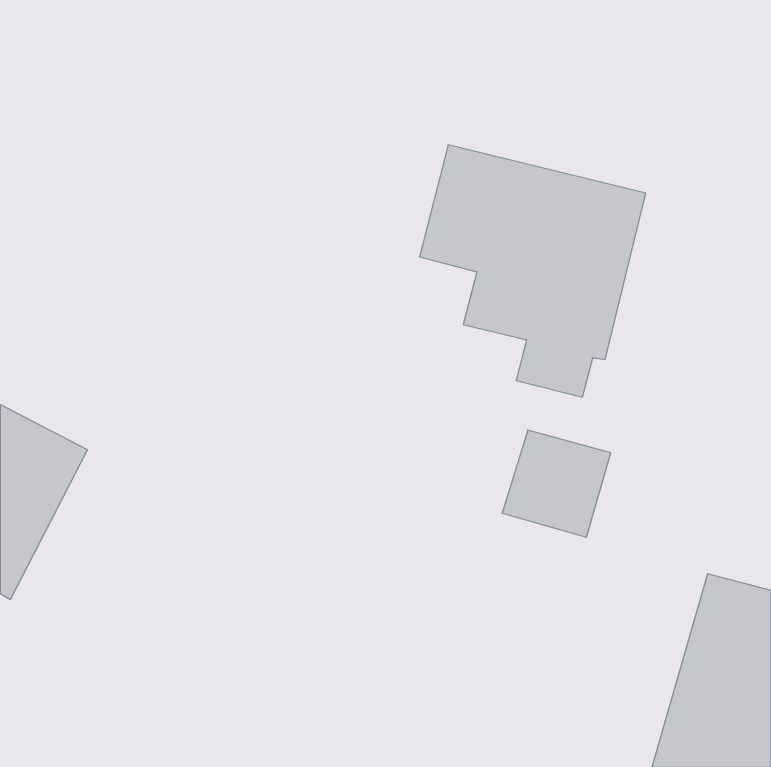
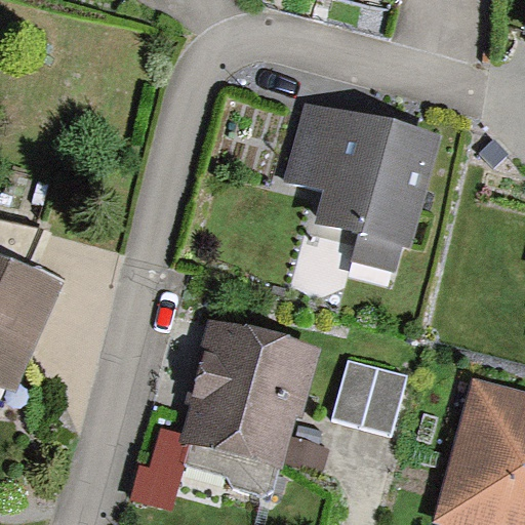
building: [502,430,611,537] -> [332,363,406,436]
building: none -> [164,344,294,490]

